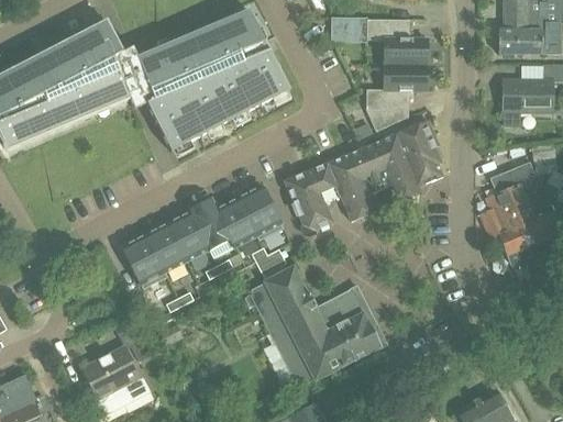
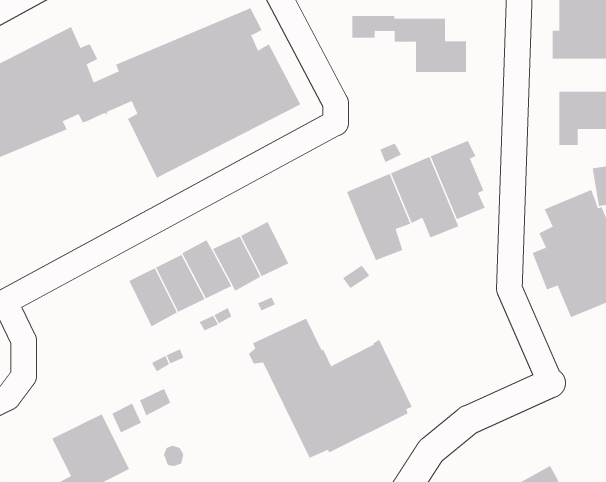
building: [366,64,427,131] -> none
building: [284,163,340,230] -> none
building: [123,236,165,286] -> none

